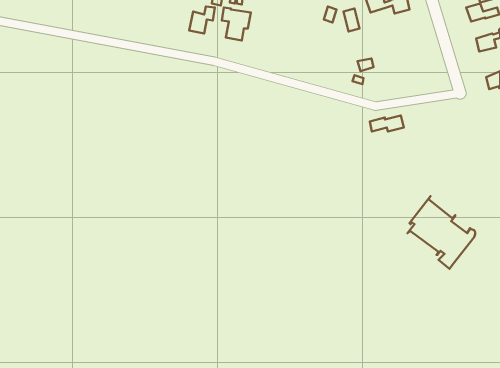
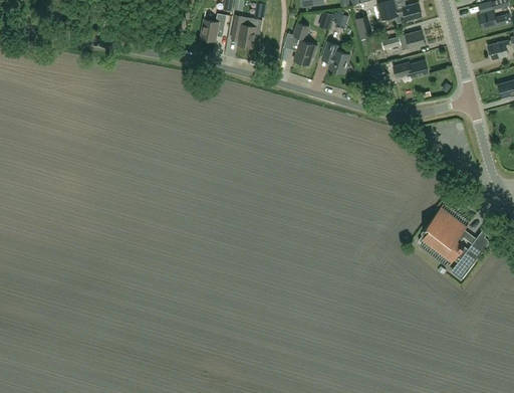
building: none -> [292,23,316,65]
building: none -> [380,31,424,50]
building: none -> [322,42,349,73]
building: [370,115,404,131] -> [393,61,427,77]

